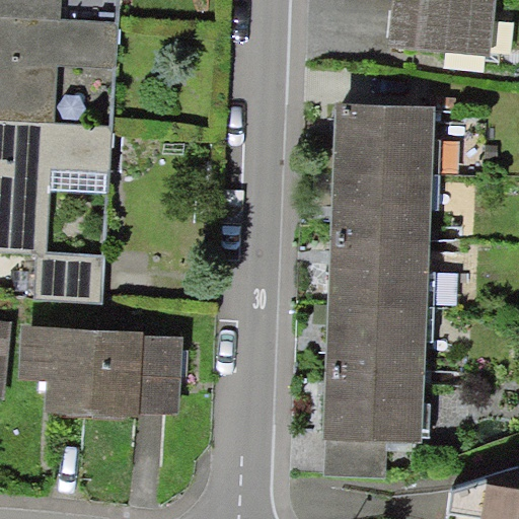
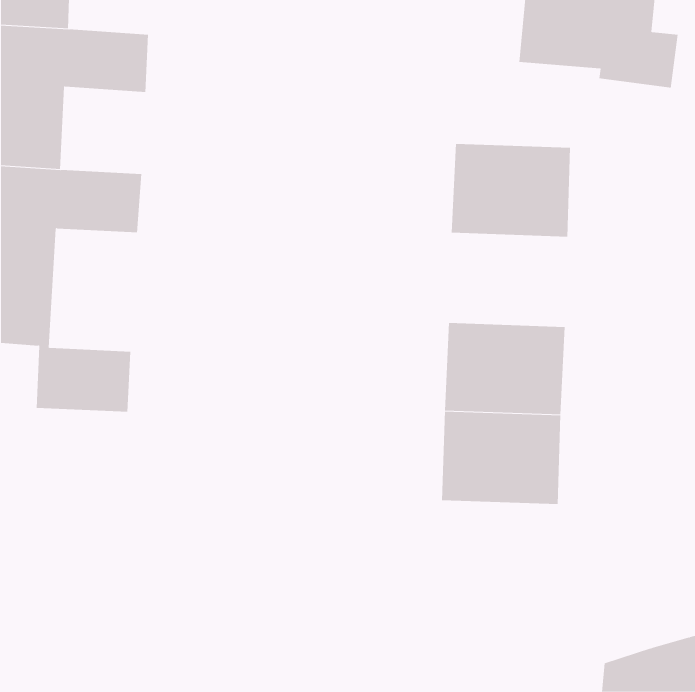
building: [337,171,425,240] -> none
building: [26,329,178,419] -> none
building: [327,368,418,475] -> none

